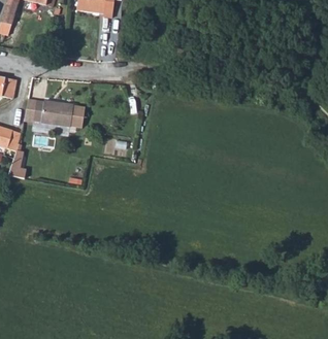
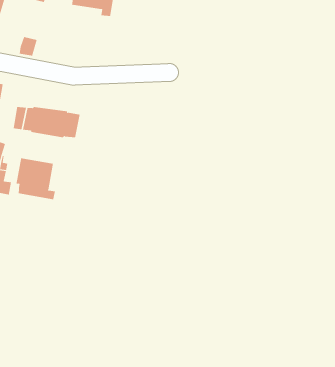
building: none -> [16,158,56,200]

